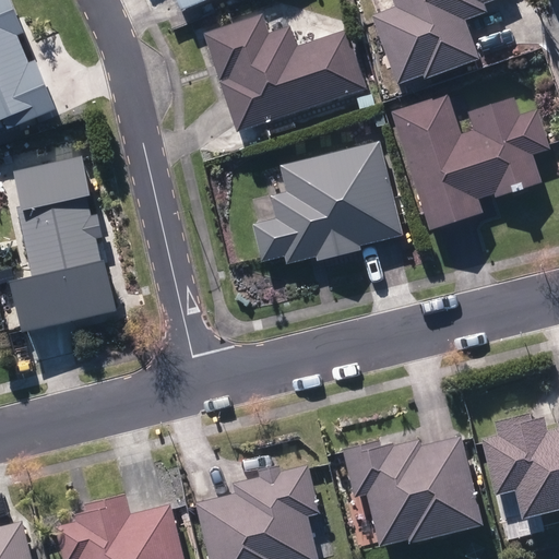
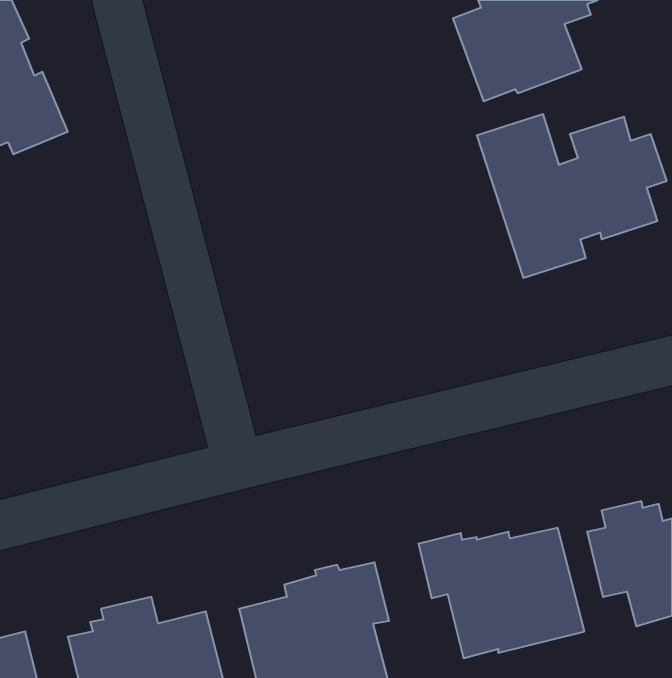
building: [204,16,365,131] -> none
building: [254,143,401,263] -> none
building: [13,156,118,331] -> none

